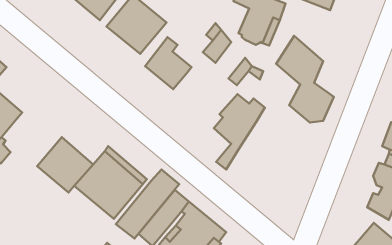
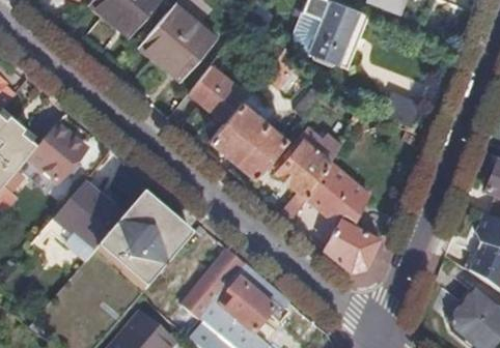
building: [276,36,334,122] -> [306,162,379,270]
building: none -> [210,102,285,176]
building: none -> [27,123,85,182]
building: [116,169,179,239] -> none

